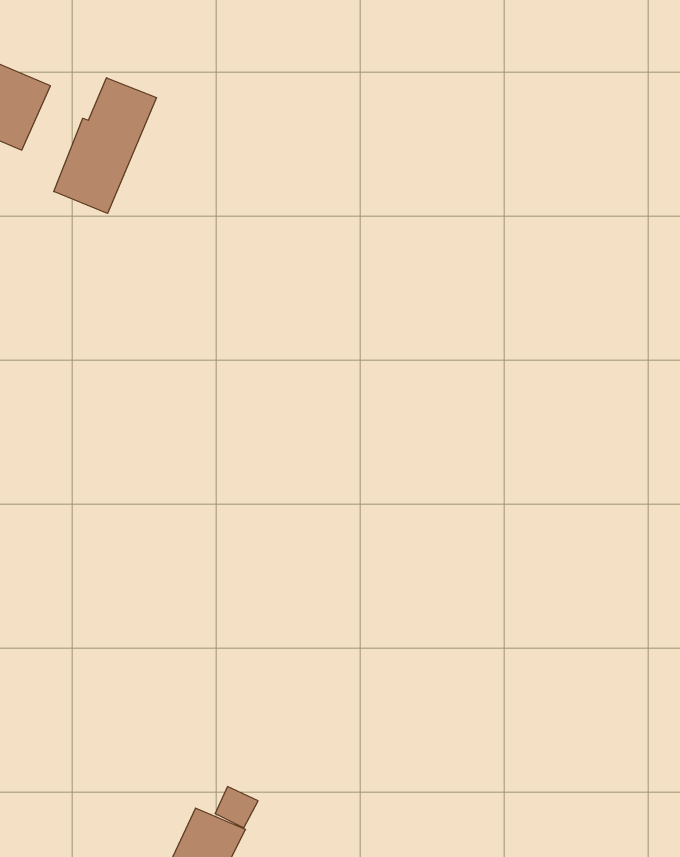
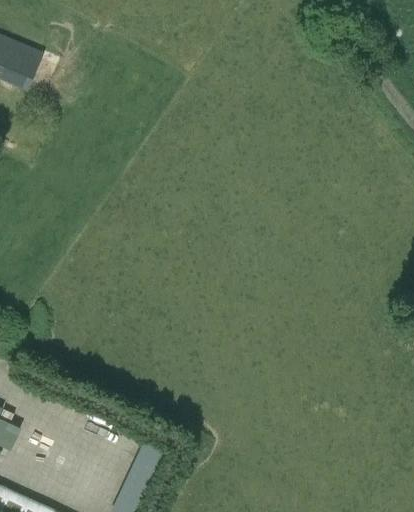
building: [54,78,156,213] -> none

